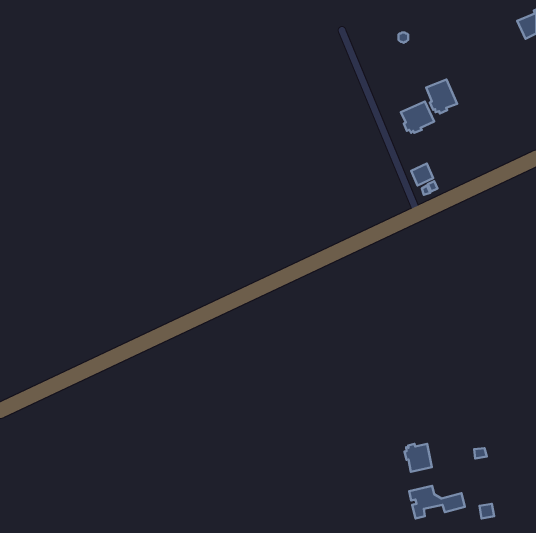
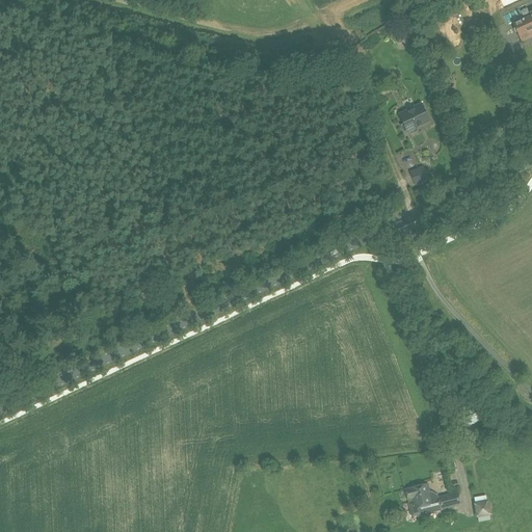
building: [426,80,457,113] -> none
building: [405,444,432,472] -> none

